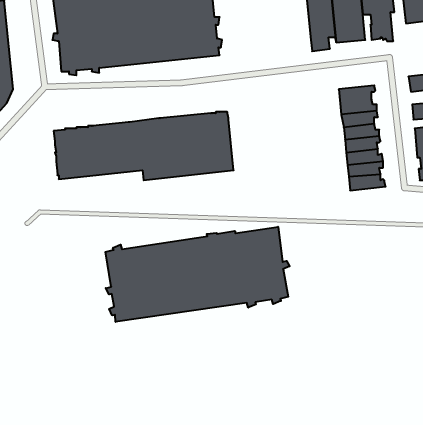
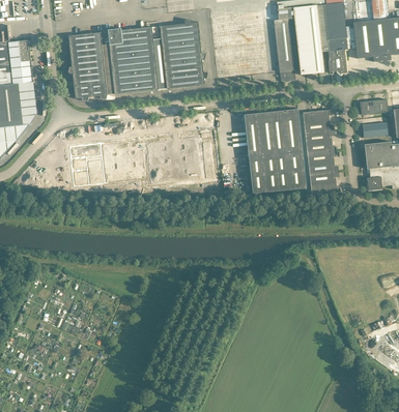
building: none -> [245,108,307,193]
building: [105,227,290,322] -> none

